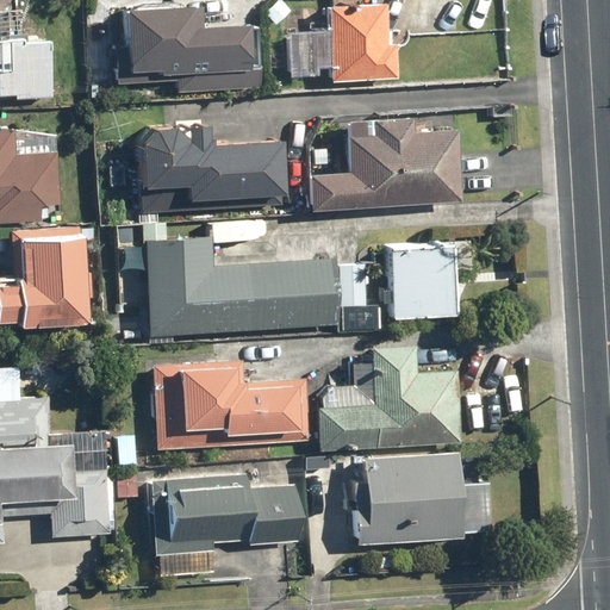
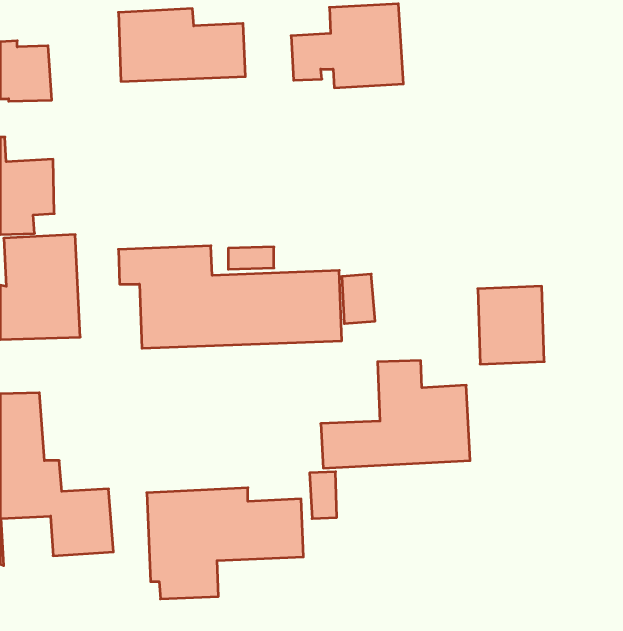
building: [306,118,460,210] -> none
building: [137,129,279,199] -> none
building: [390,245,454,320] -> [478,286,544,364]
building: [152,362,312,450] -> none
building: [351,455,487,543] -> none

